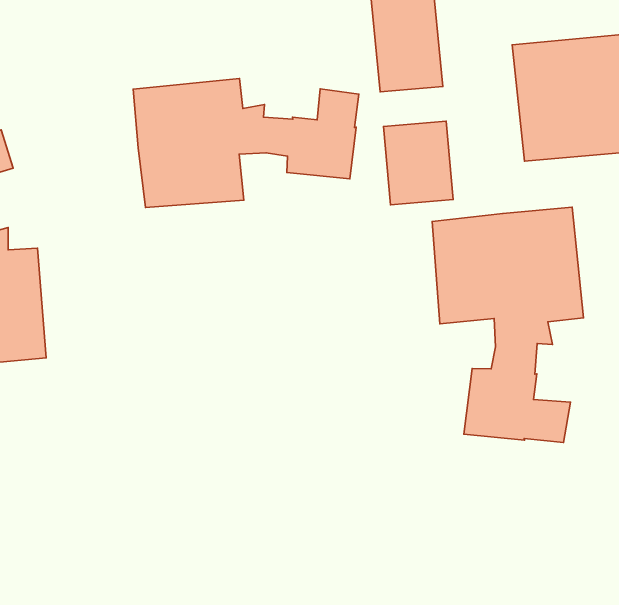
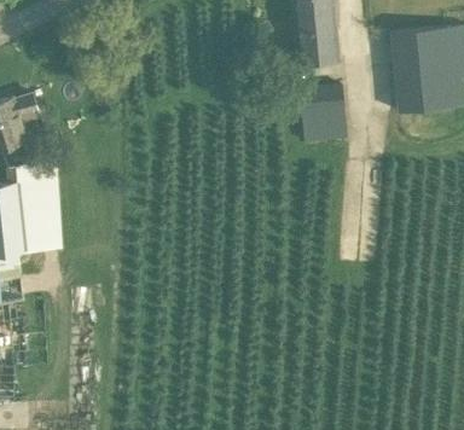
building: [133,79,359,208] -> none
building: [432,207,583,443] -> none

